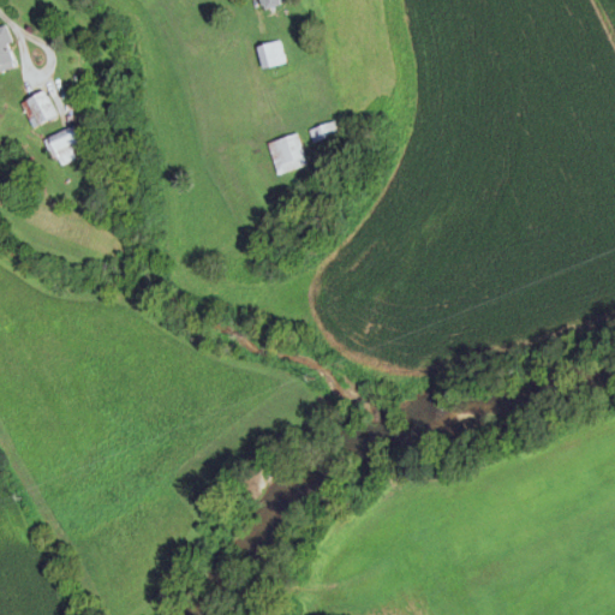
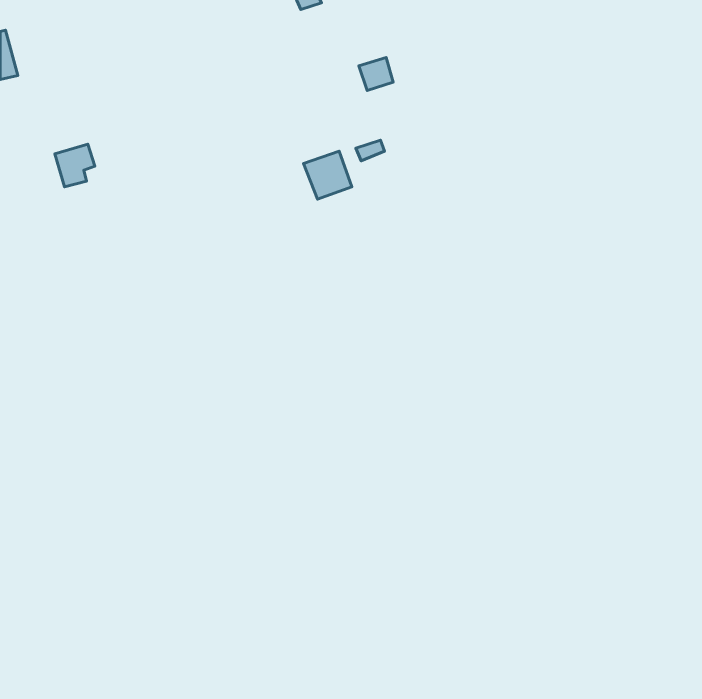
building: [255,40,285,68] -> [359,57,393,90]
building: [19,89,58,127] -> none

